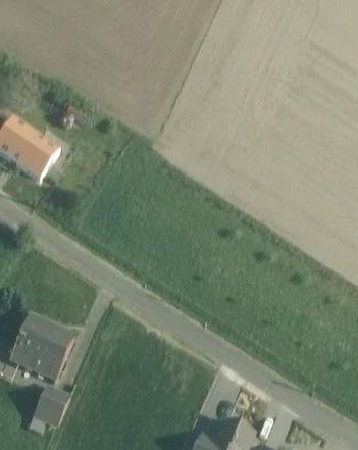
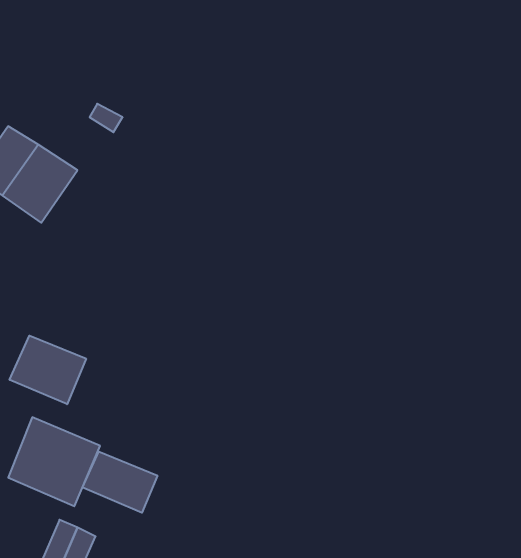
building: none -> [10,336,86,404]
building: none -> [82,452,157,513]

